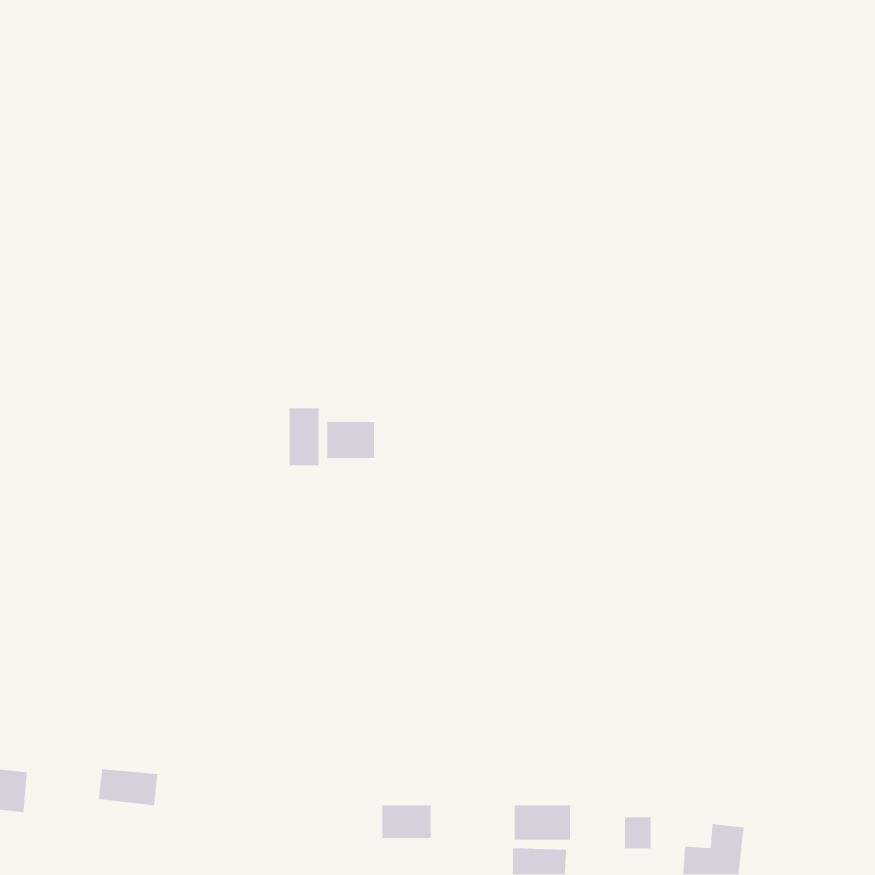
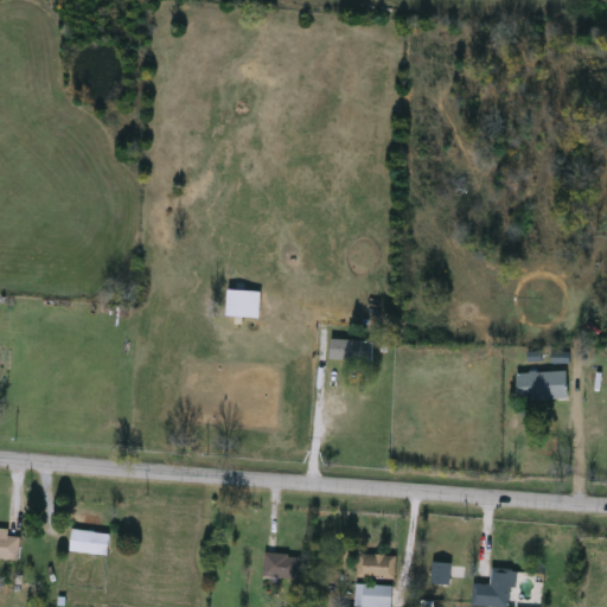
building: [289,408,320,466] -> none
building: none -> [328,339,371,362]
building: none -> [516,372,567,400]

